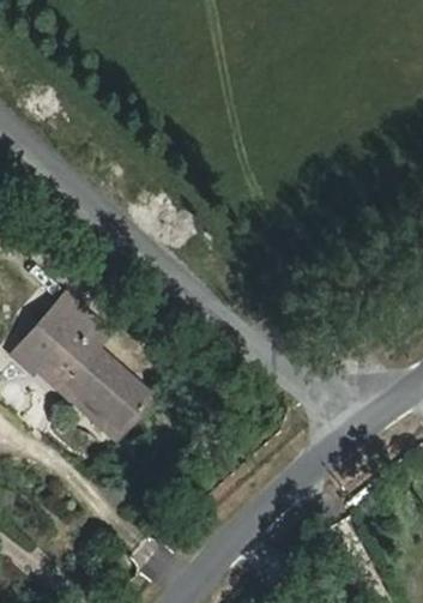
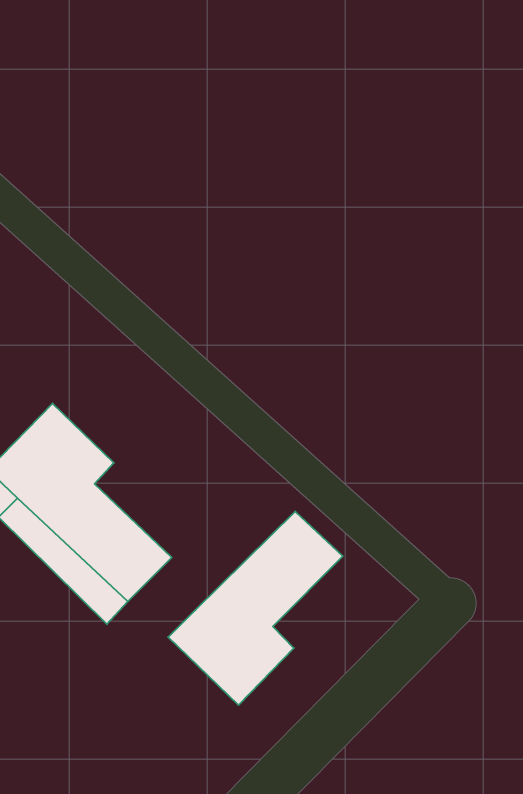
building: none -> [168,511,343,705]

